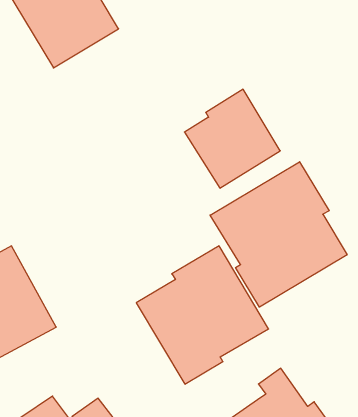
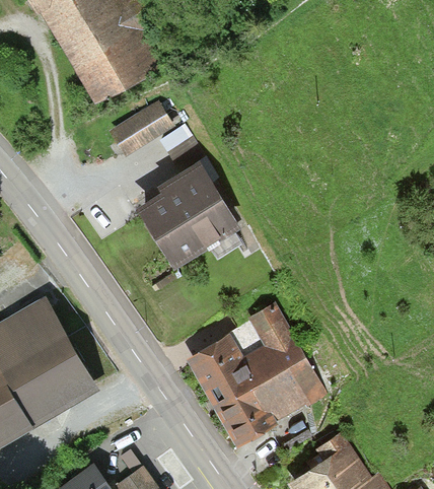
building: none -> [110,100,174,155]
building: [184,89,280,188] -> [136,164,240,272]
building: [210,162,347,307] -> none

